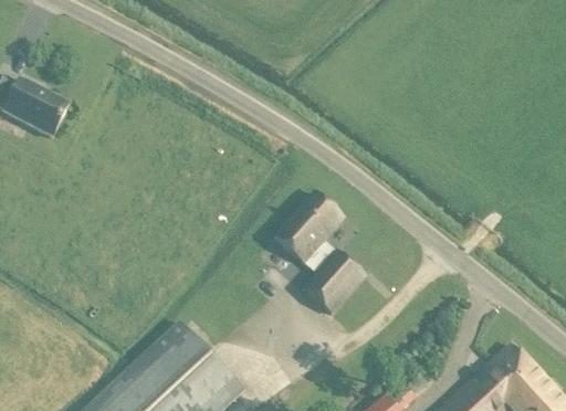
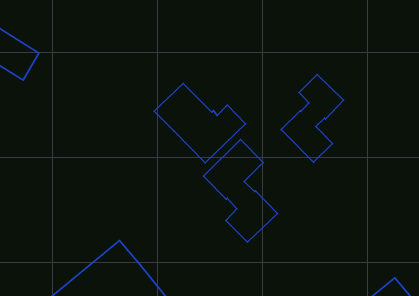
building: none -> [281,75,343,162]
building: none -> [154,84,246,163]

